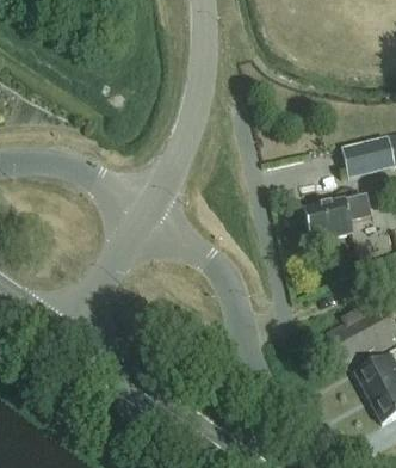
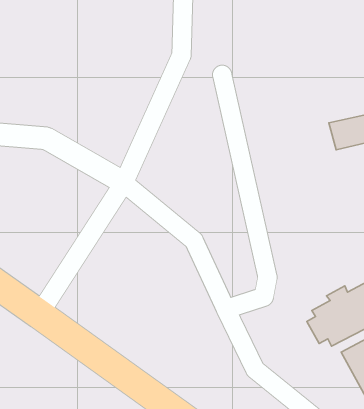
building: [303,193,371,240] -> none

